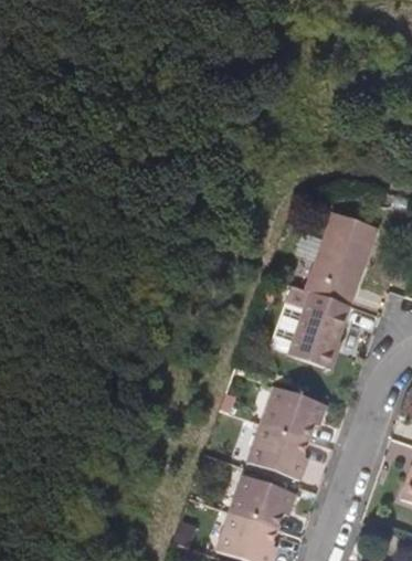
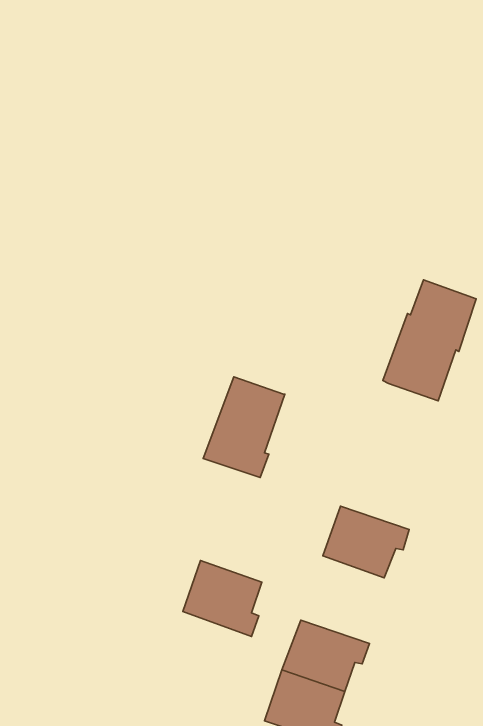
building: [287,293,349,369] -> [203,377,285,478]
building: [247,423,307,480] -> [183,560,262,636]

